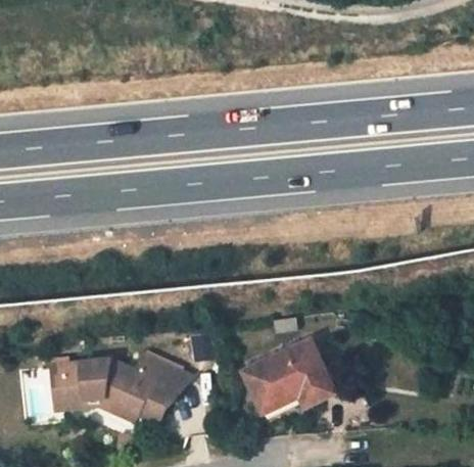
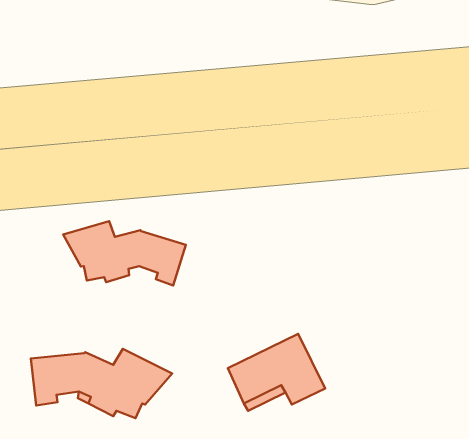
building: none -> [63,221,186,286]

